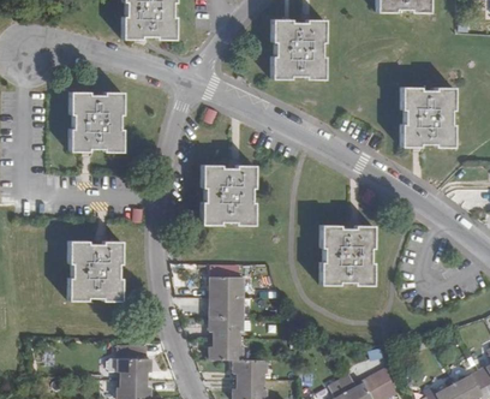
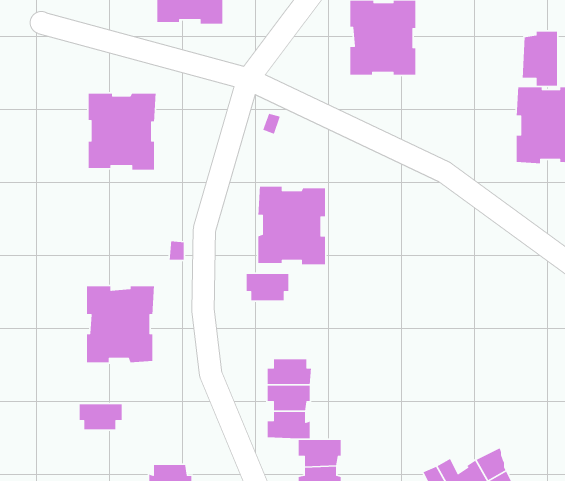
building: none -> [522,31,558,87]
building: [319,224,374,285] -> none
building: [210,275,244,297] -> [246,273,289,301]
building: [118,358,151,379] -> [79,404,122,430]

